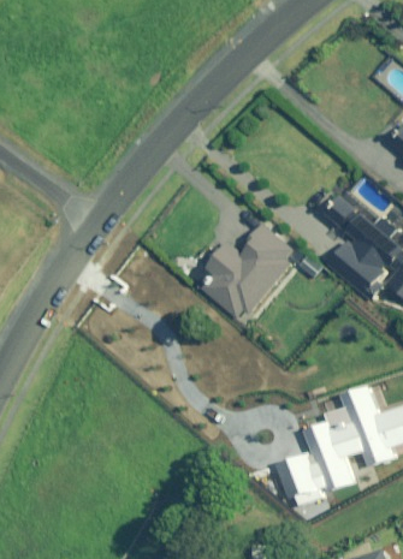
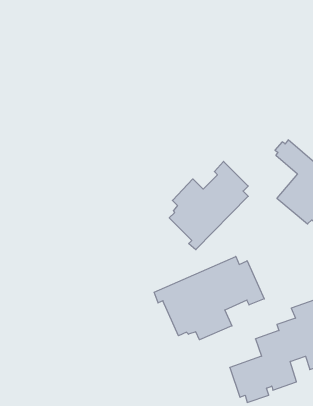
building: none -> [154,256,264,340]

